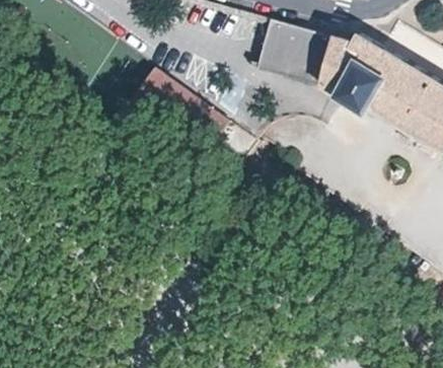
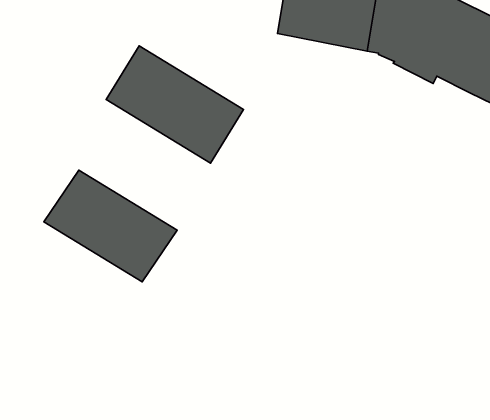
building: none -> [44,170,177,282]

